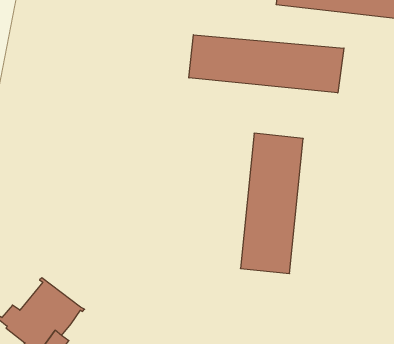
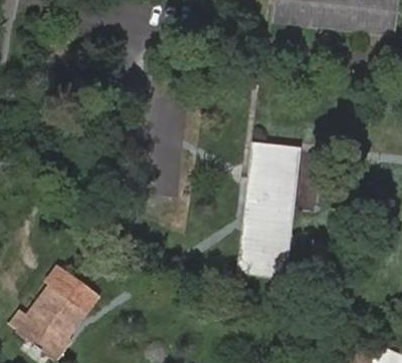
building: [189,35,344,93] -> none
building: none -> [44,263,98,311]

